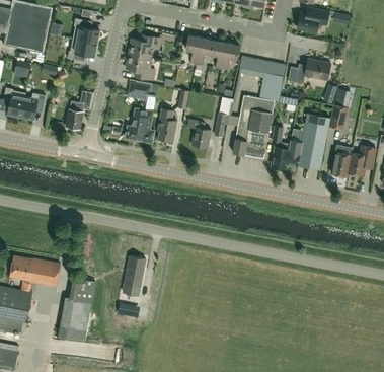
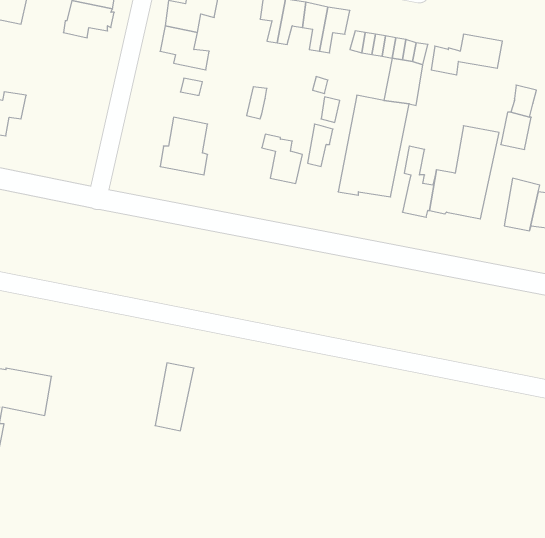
building: [66,90,92,129] -> none
building: [157,108,176,141] -> none
building: [59,278,95,341] -> none

